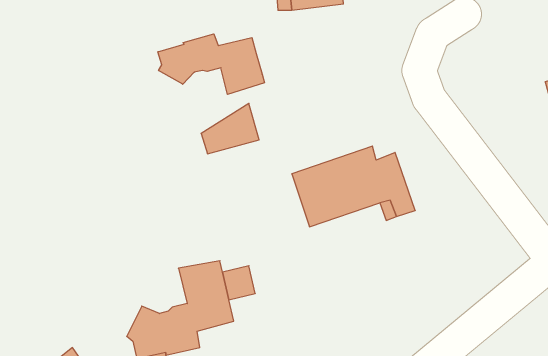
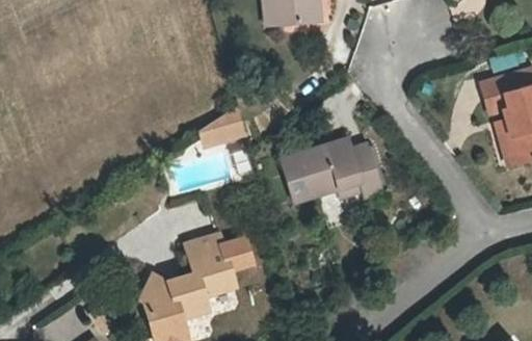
building: [158,34,264,94] -> none

